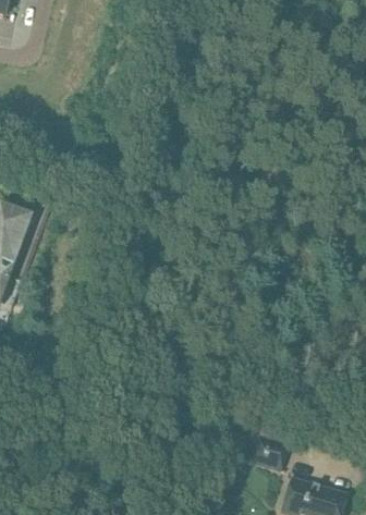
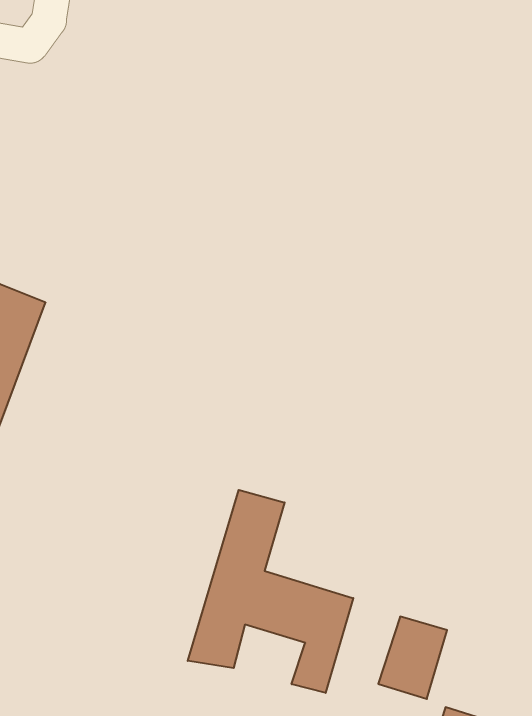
building: none -> [188,490,353,693]

